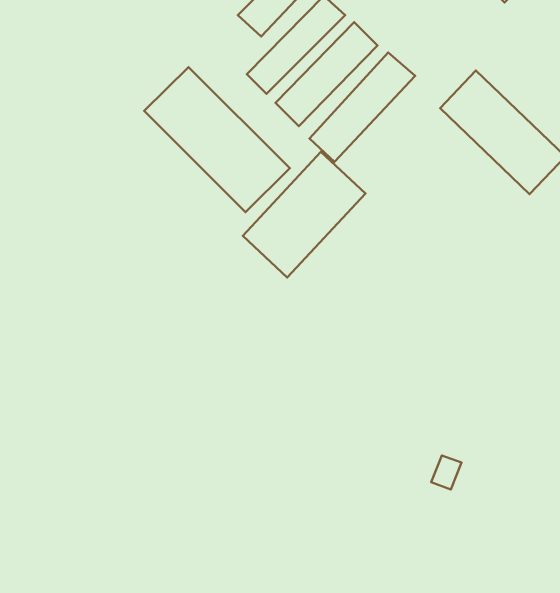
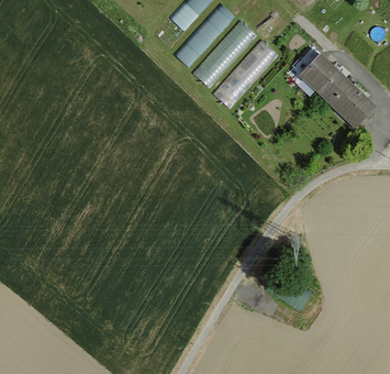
building: [144,67,290,212] -> none
building: [243,152,366,278] -> none

